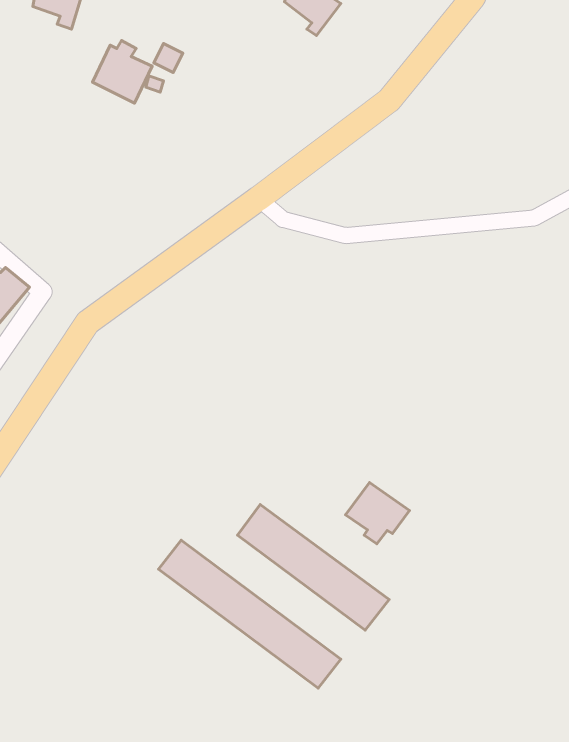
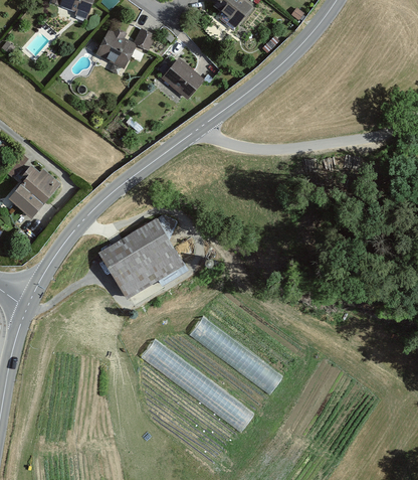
building: none -> [164,58,202,96]
building: none -> [101,220,184,296]
building: [346,482,410,544] -> none

